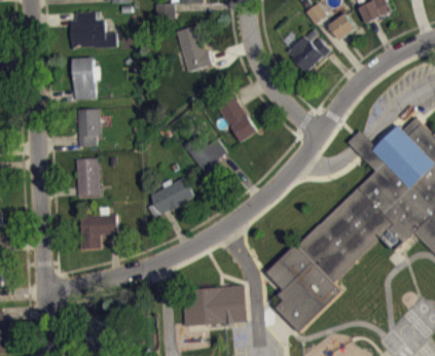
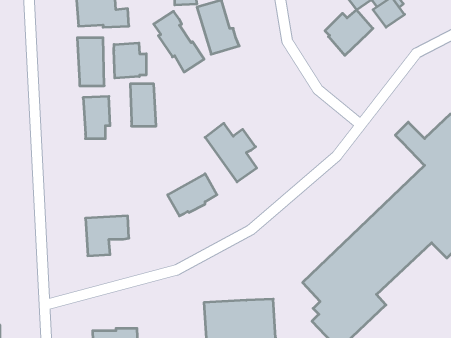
building: none -> [114,43,146,78]
building: [214,88,258,142] -> [154,11,204,72]
building: [76,158,99,195] -> [130,84,156,126]

